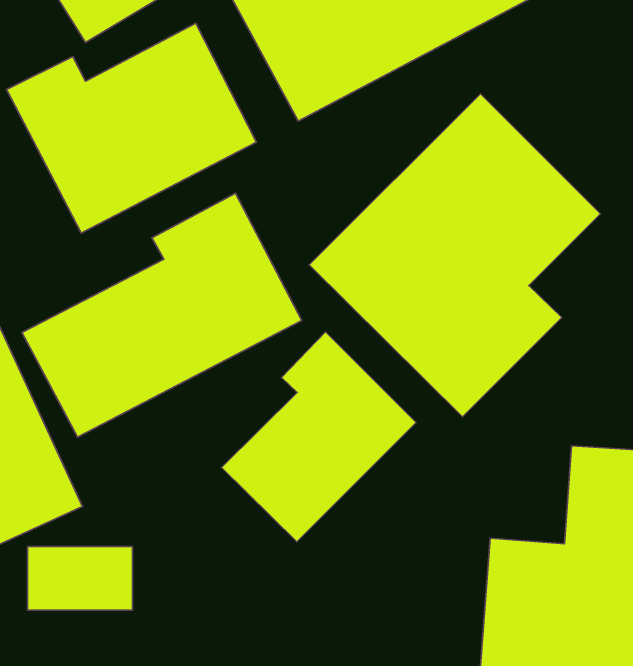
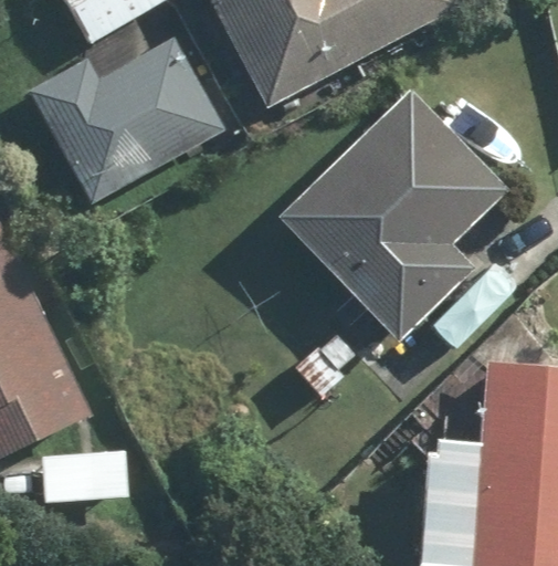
building: [22,193,302,437] -> none
building: [222,332,416,542] -> none

